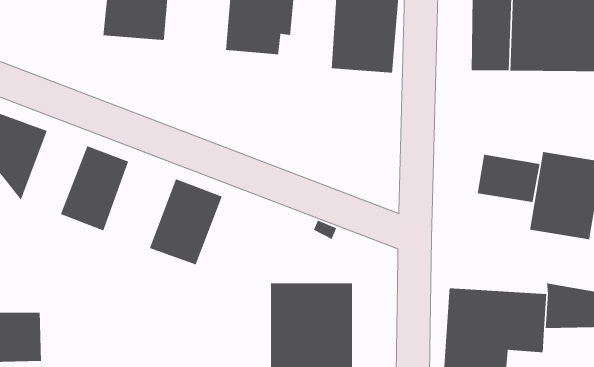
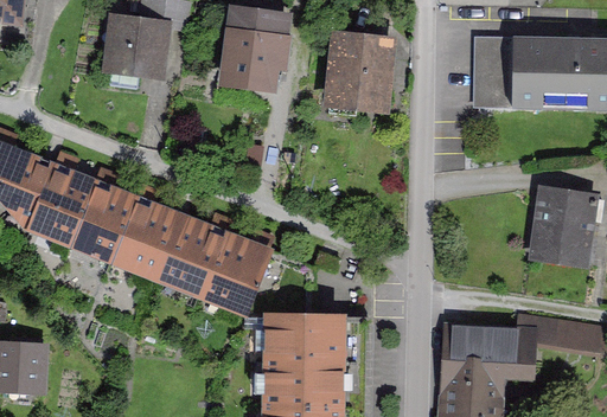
building: none -> [27,165,91,246]
building: [477,154,540,203] -> none
building: none -> [108,194,178,280]
building: none -> [198,229,276,316]

